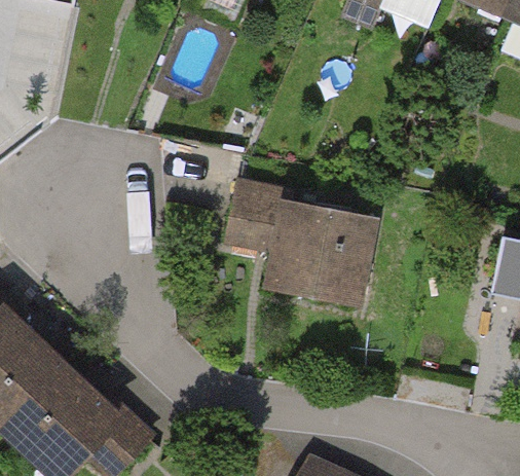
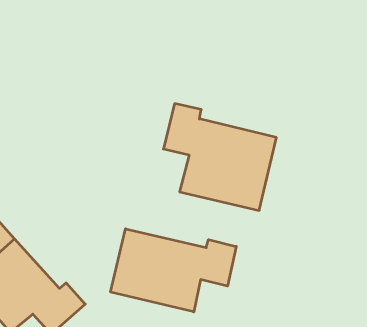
building: none -> [111,229,236,312]

